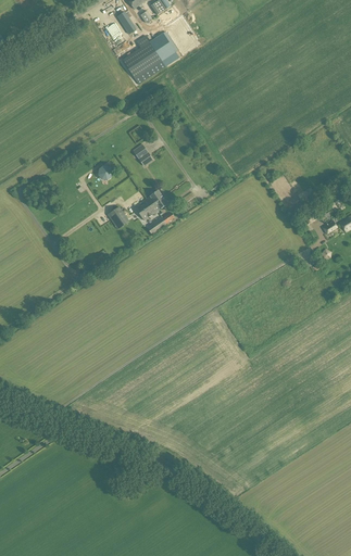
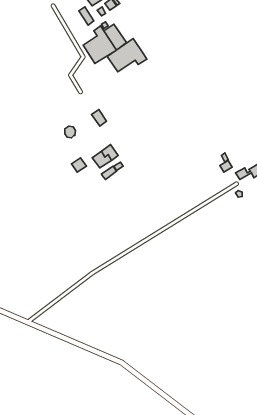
building: none -> [107,38,147,72]

